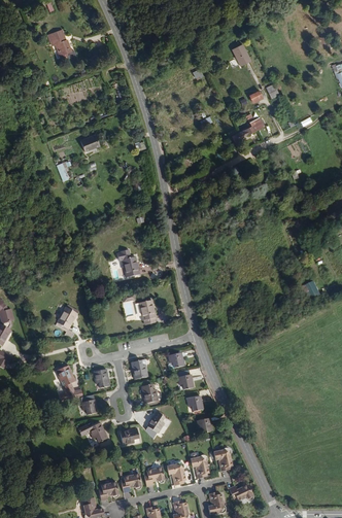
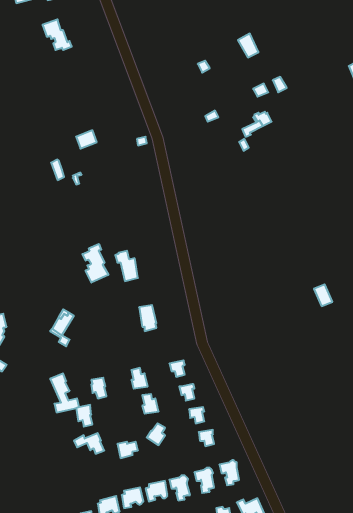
building: none -> [82,244,108,283]

